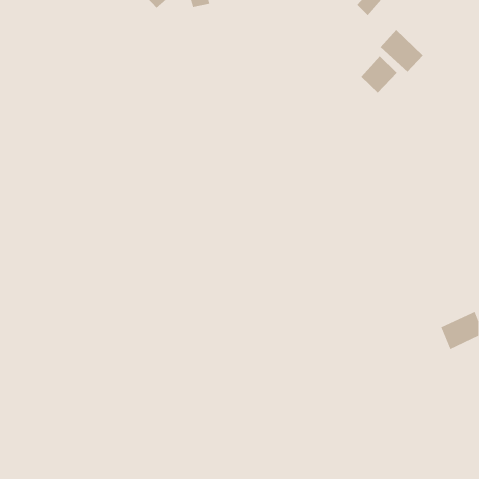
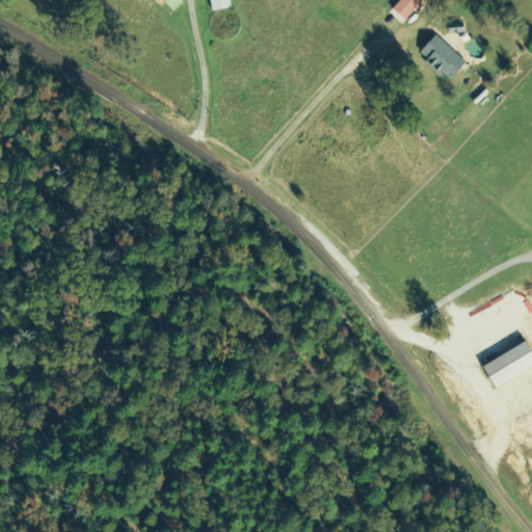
building: [360,55,398,93] -> none

